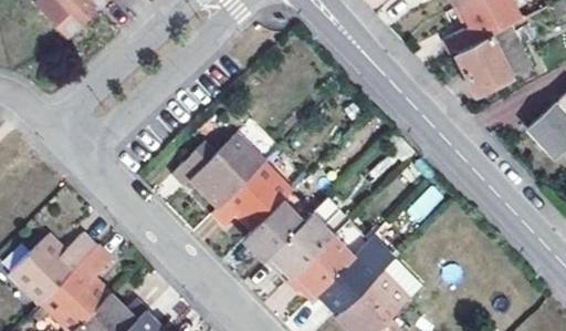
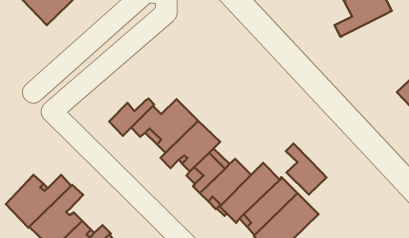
building: [453,23,528,90] -> none
building: none -> [109,98,154,136]
building: none -> [286,144,326,195]

